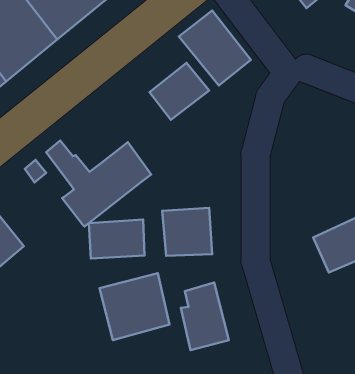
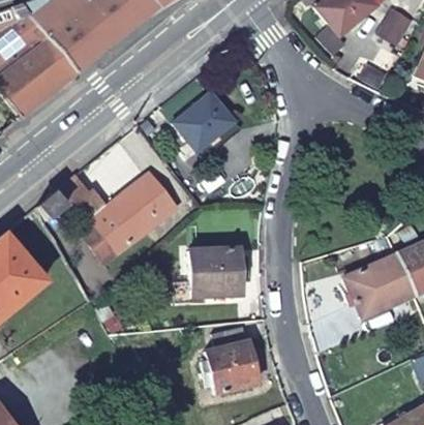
building: [179,11,251,85] -> none
building: [89,219,145,259] -> none
building: [100,273,169,340] -> none

